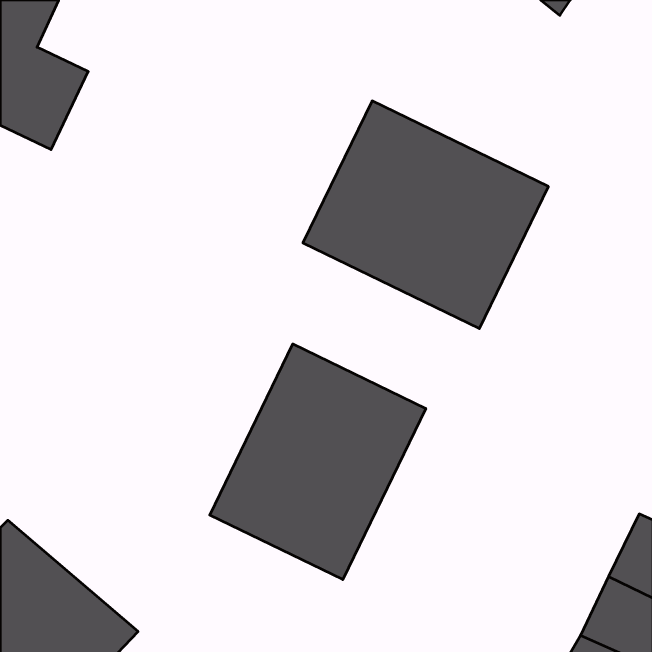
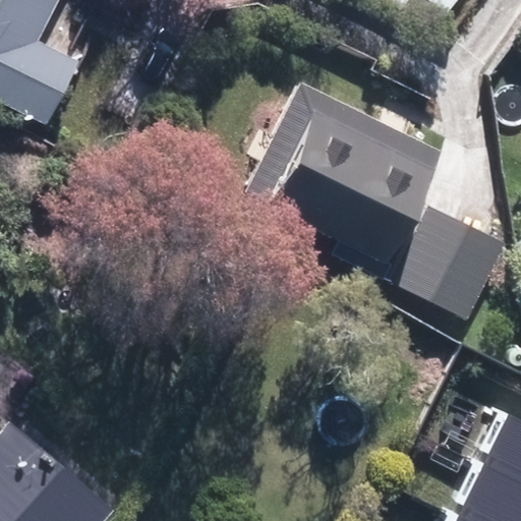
building: none -> [392,208,508,321]
building: [210,344,426,580] -> none

